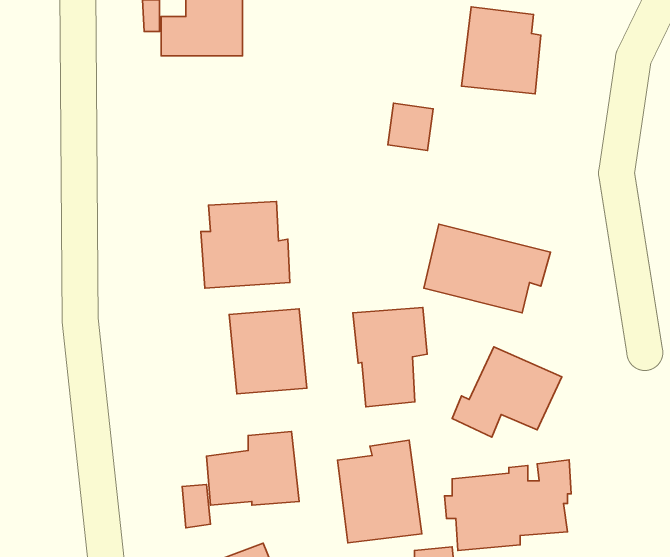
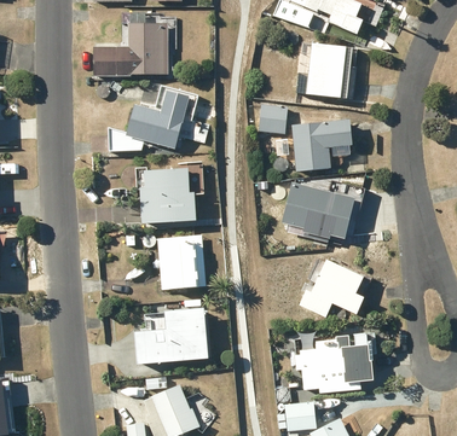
building: none -> [109,89,189,151]
building: none -> [291,121,353,170]
building: [353,308,427,407] -> none
building: [337,440,422,543] -> none

